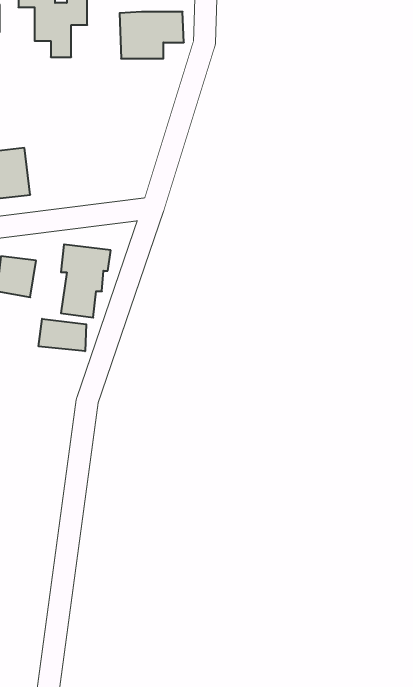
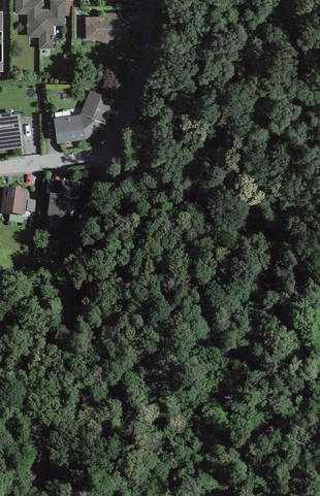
building: none -> [52,88,113,139]
building: [39,319,86,351] -> none

